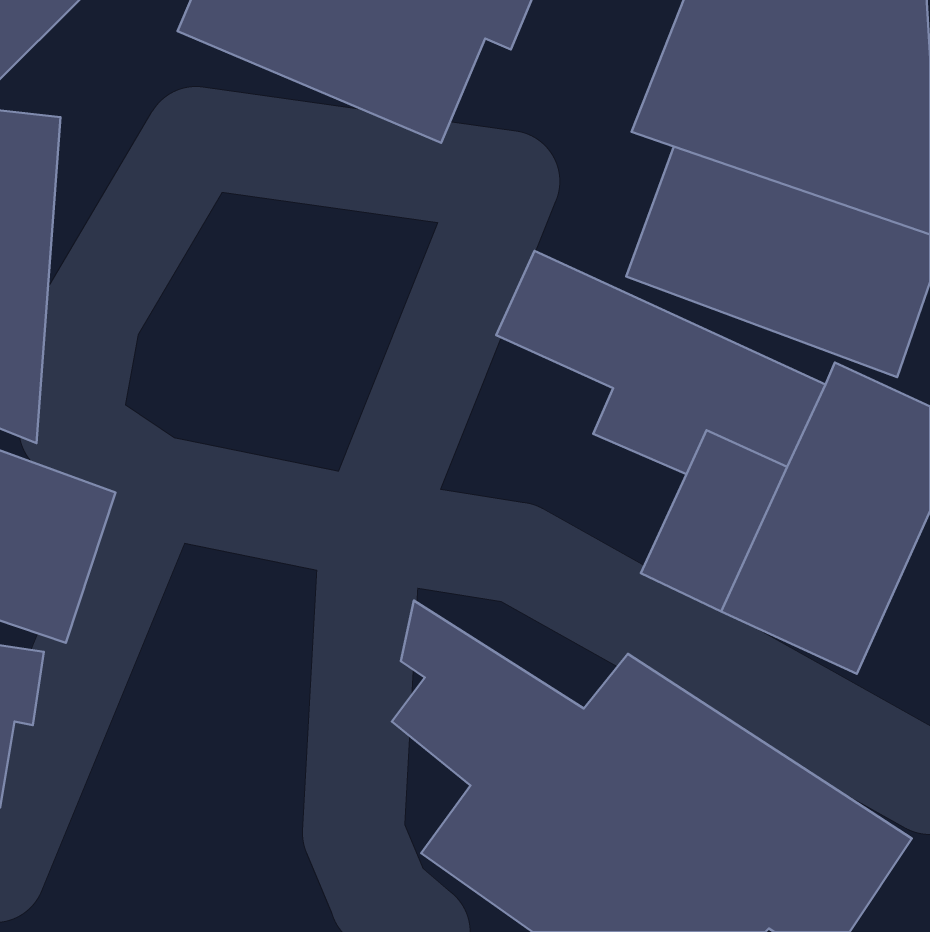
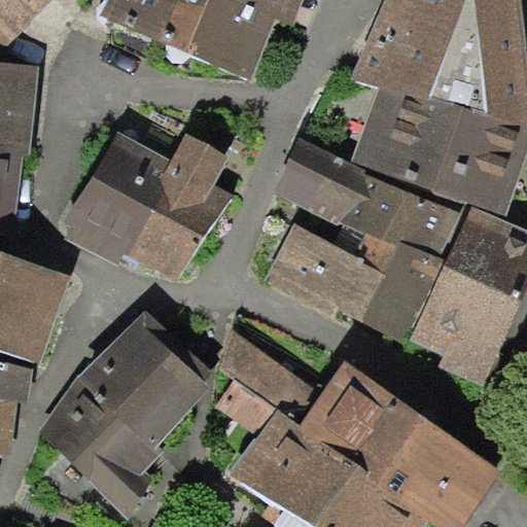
building: none -> [72,132,236,285]
building: none -> [264,223,386,322]
building: none -> [37,321,201,518]

